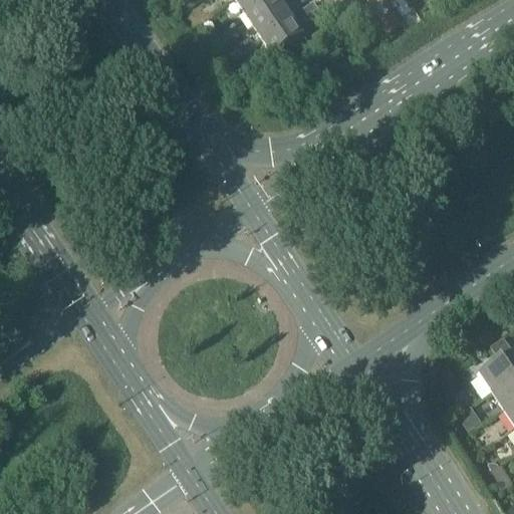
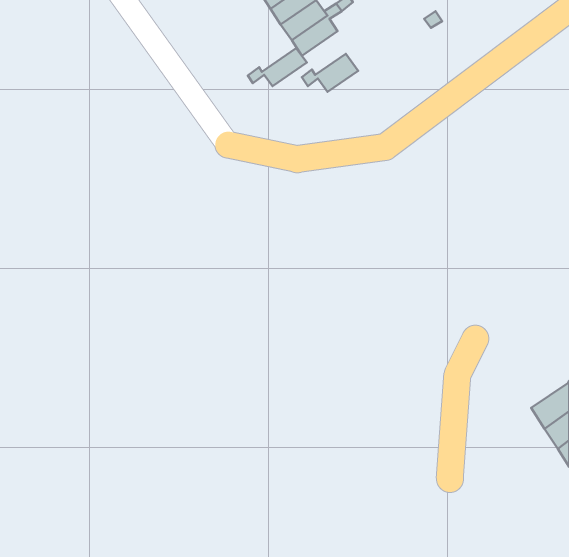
building: none -> [248,48,307,86]
building: none -> [302,54,358,92]

